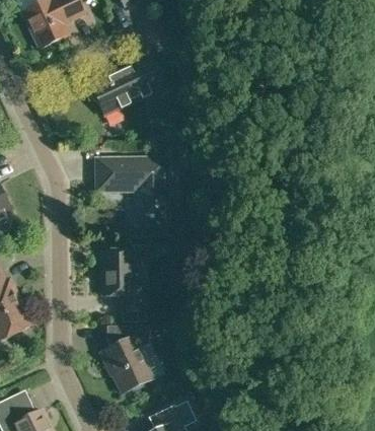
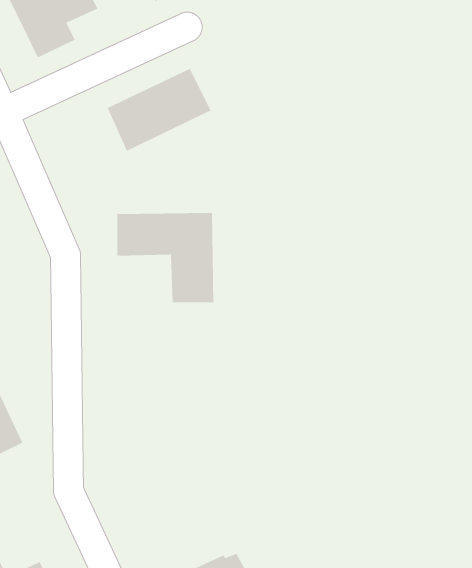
building: [99,249,145,310] -> none
building: [99,325,150,392] -> none

